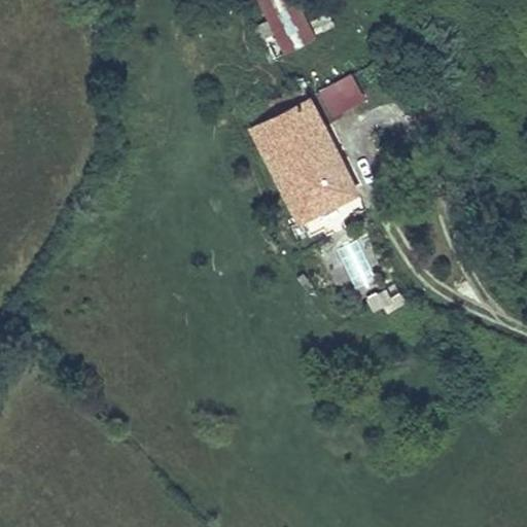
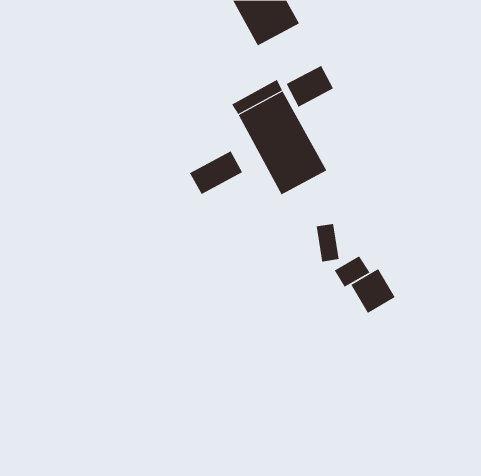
building: none -> [189,150,243,195]
building: none -> [350,268,396,314]

